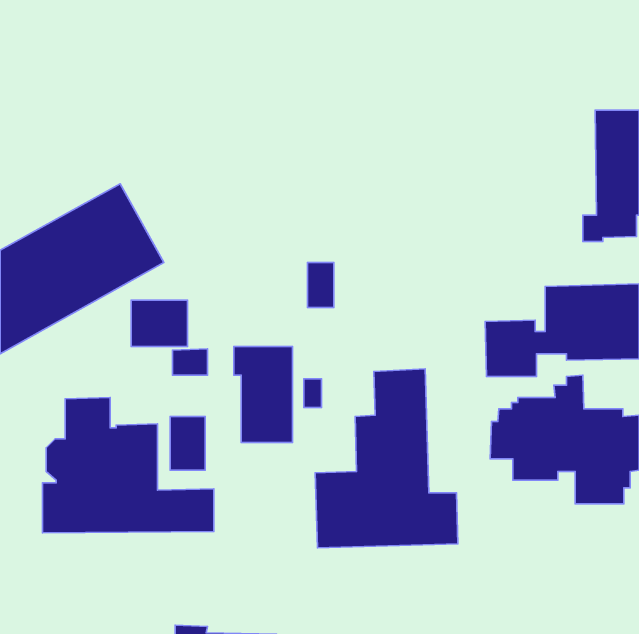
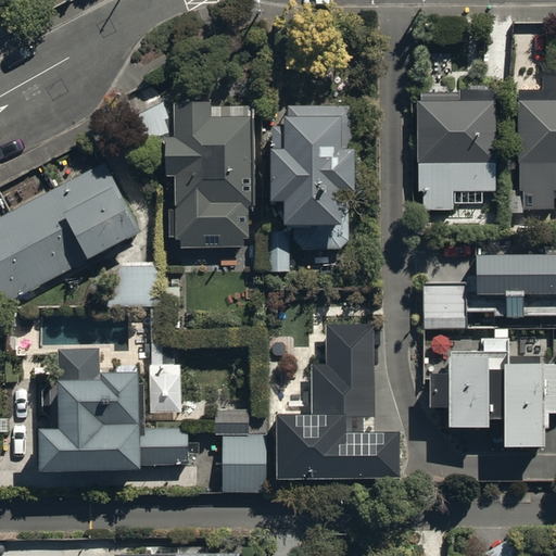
building: none -> [416,90,493,208]
building: none -> [168,99,252,247]
building: none -> [271,106,358,249]
building: [234,346,293,443] -> [215,410,266,494]

